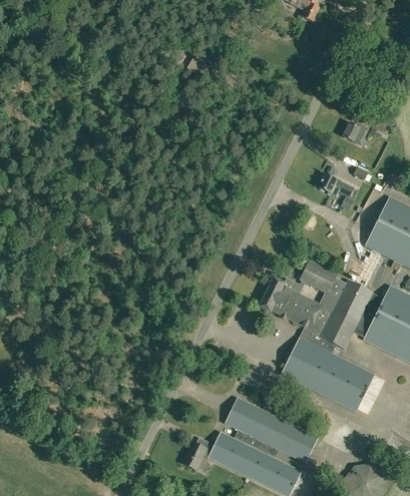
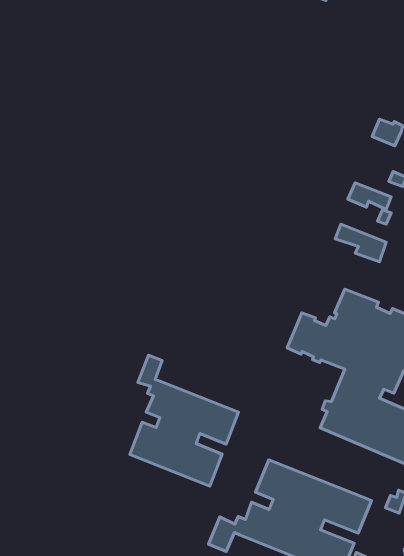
building: none -> [335,224,386,262]
building: none -> [130,355,239,486]

